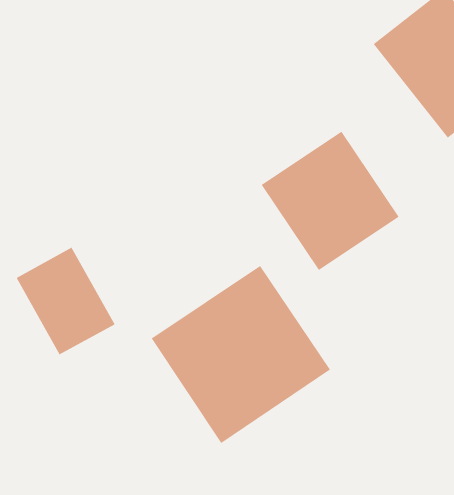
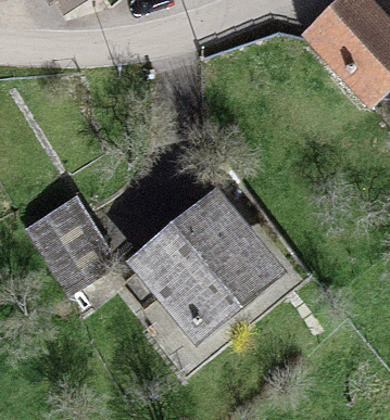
building: [261,131,399,271] -> none

